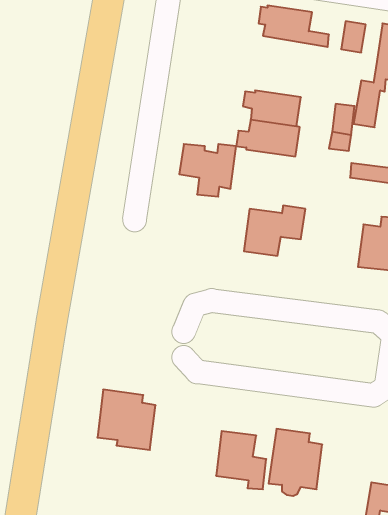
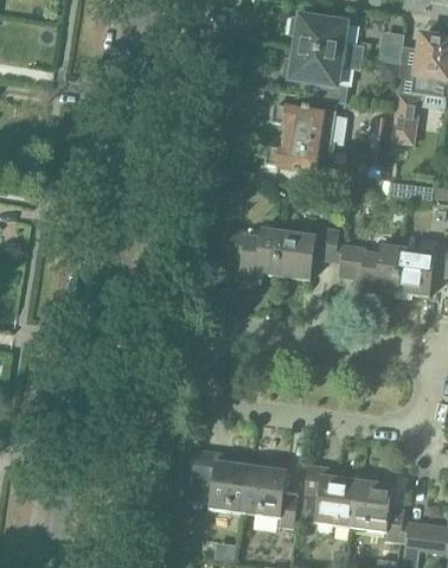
building: none -> [284,45,364,101]
building: [179,144,236,197] -> [220,226,281,282]
building: none -> [340,243,402,299]
building: [97,390,156,450] -> [190,448,251,512]
building: none -> [352,479,405,541]

